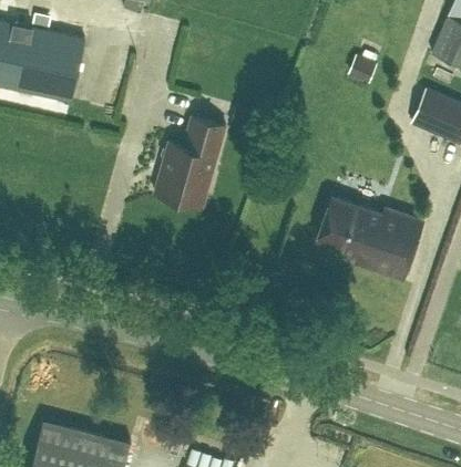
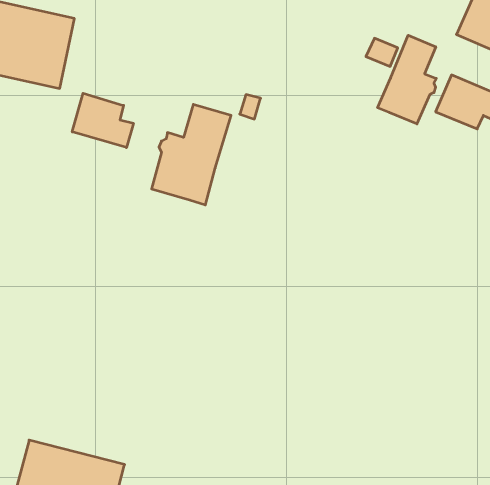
building: none -> [378,35,436,124]
building: none -> [72,93,133,148]
building: [317,198,422,278] -> none

